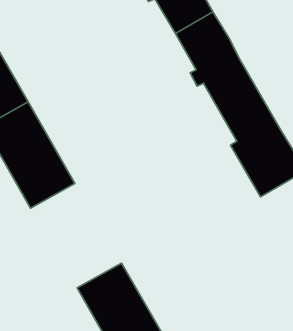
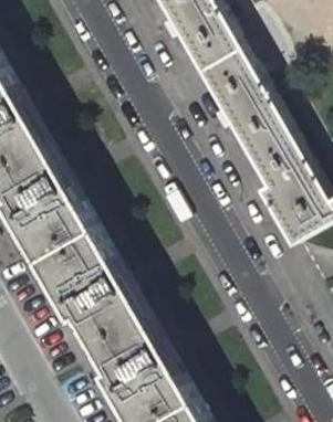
building: none -> [45,233,143,345]

